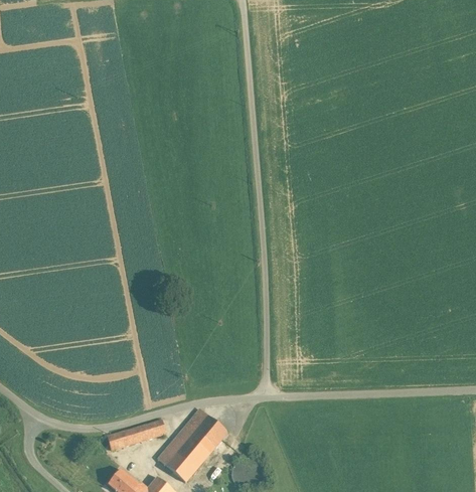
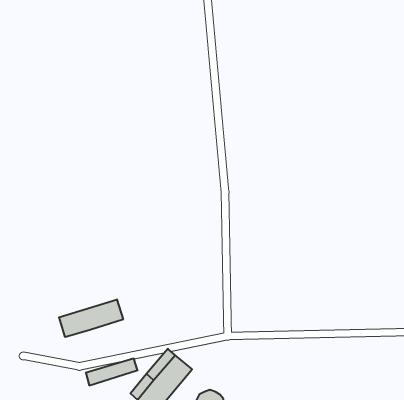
building: none -> [59,299,123,337]

